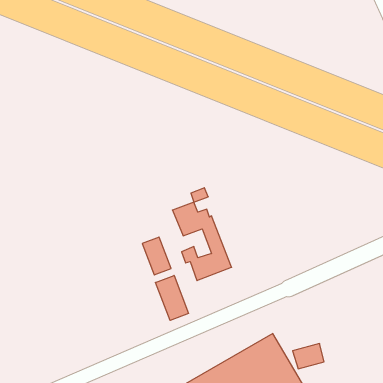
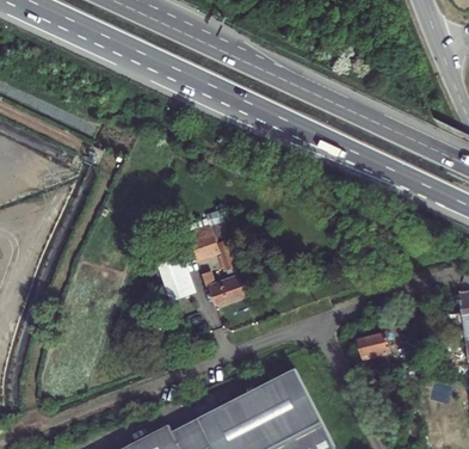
building: [155,275,189,320] -> none
building: [293,344,324,369] -> [354,333,387,358]

